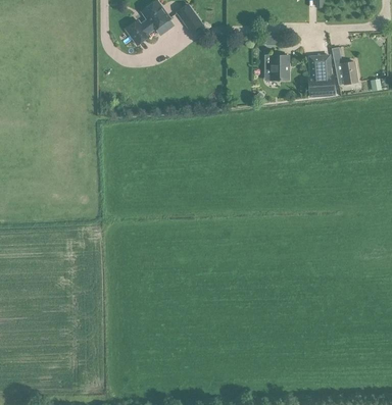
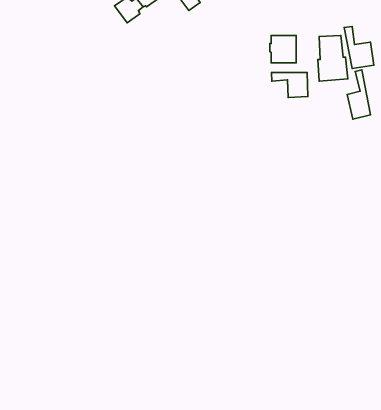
building: none -> [347,70,370,119]
building: none -> [272,73,308,97]

